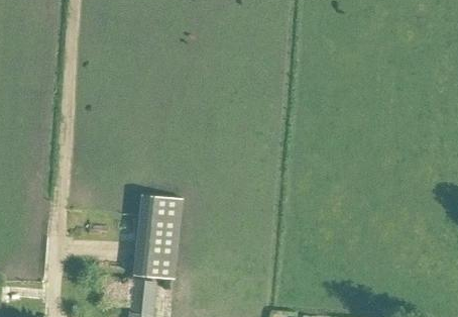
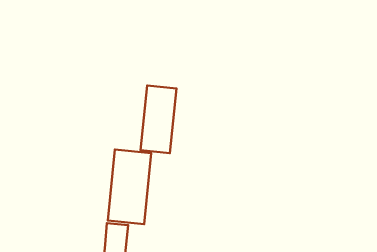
building: none -> [141,85,176,153]

